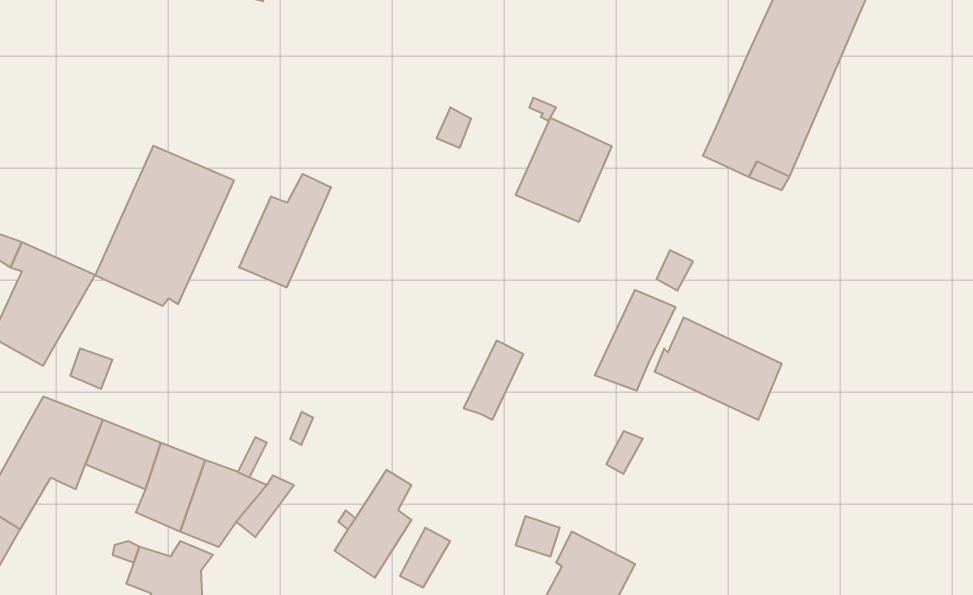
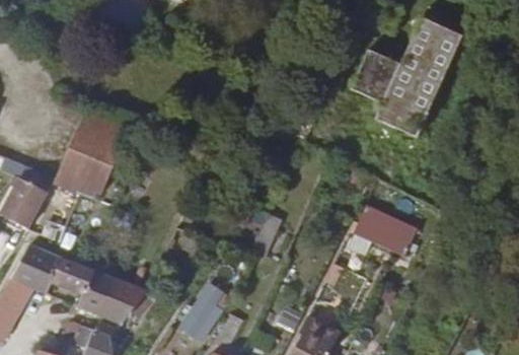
building: [516,118,612,222] -> [349,49,399,103]
building: [239,174,331,288] -> none
building: [595,290,675,391] -> none

